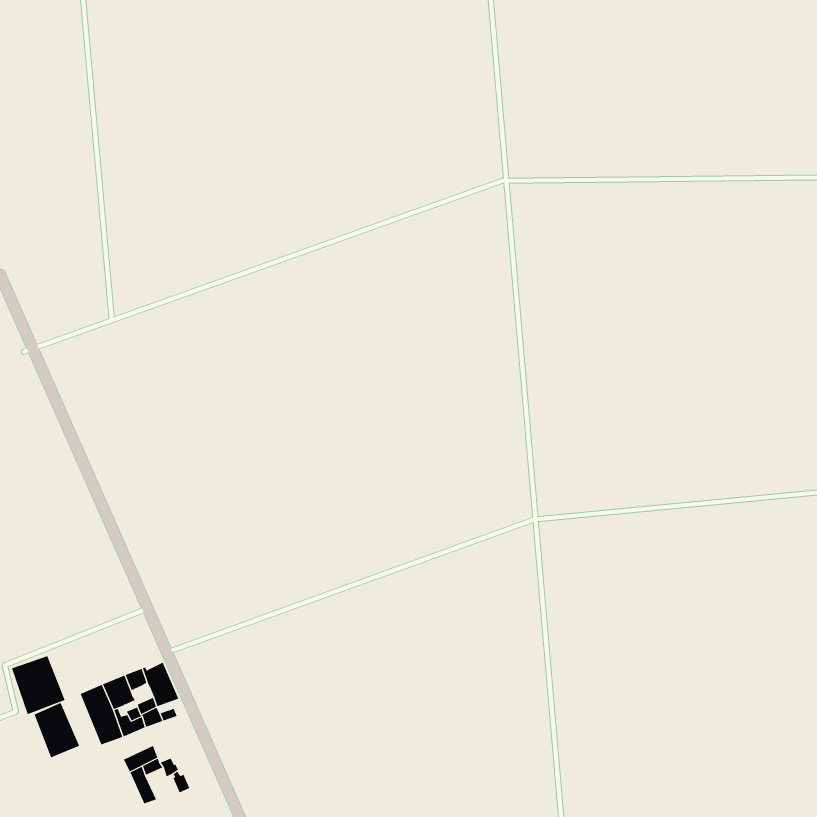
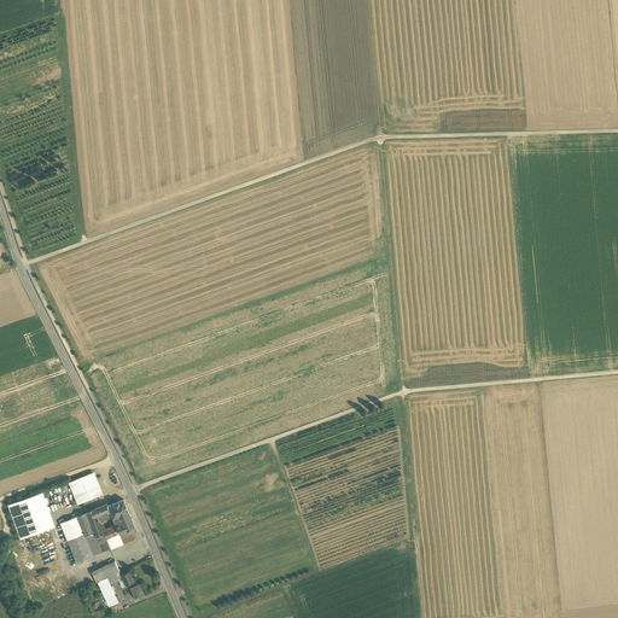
building: none -> [69,473,103,500]
building: [34,702,80,758] -> none

